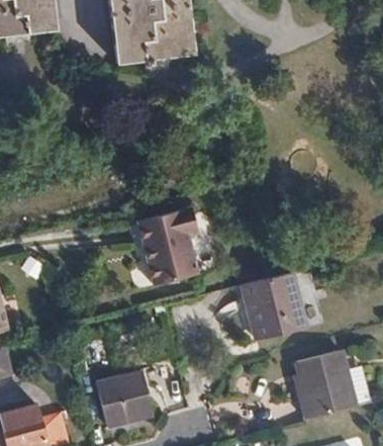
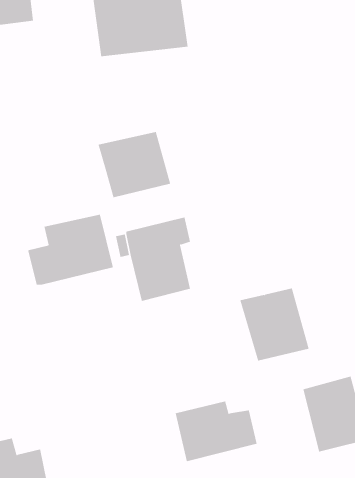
building: none -> [98,131,171,198]
building: none -> [27,214,113,285]
building: [99,369,173,424] -> [175,401,257,462]

